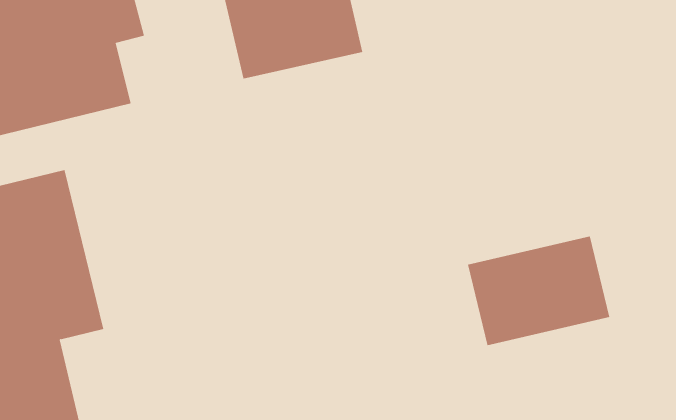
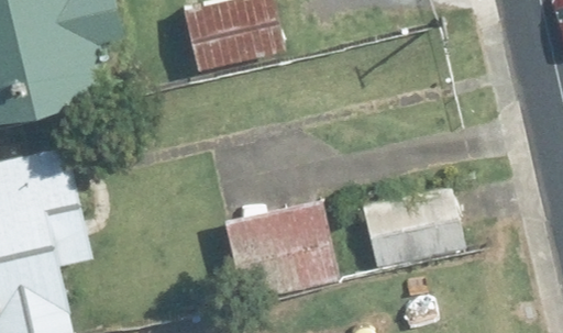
building: none -> [220,200,341,303]

